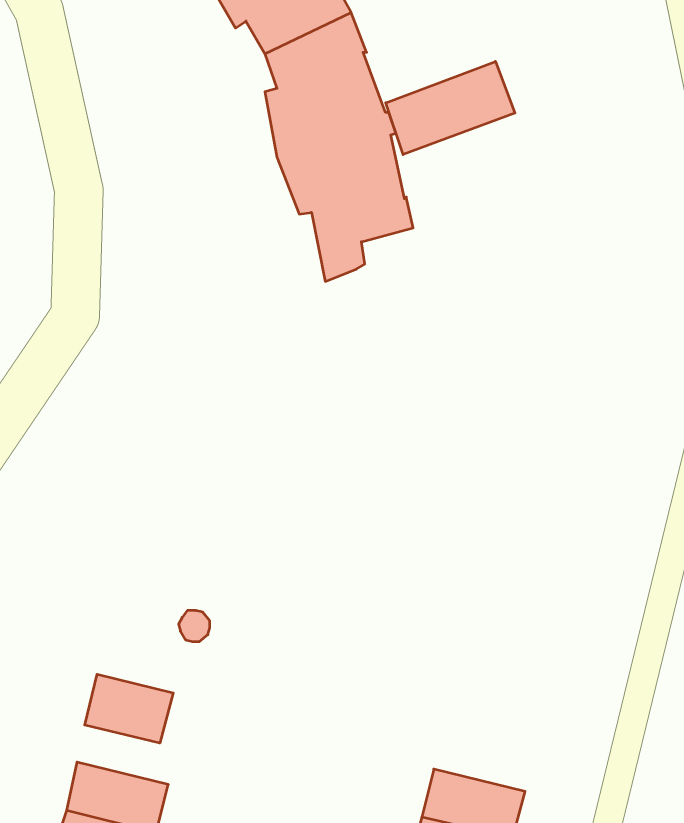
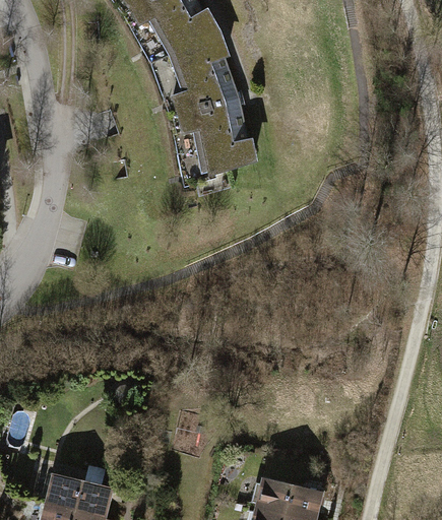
building: [386,61,515,155] -> none
building: [85,674,173,743] -> none

